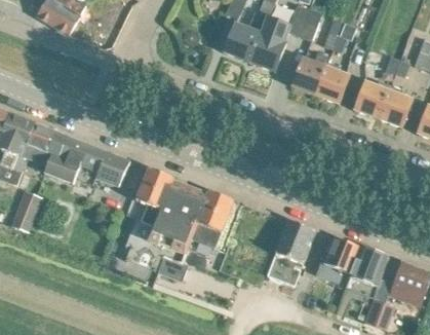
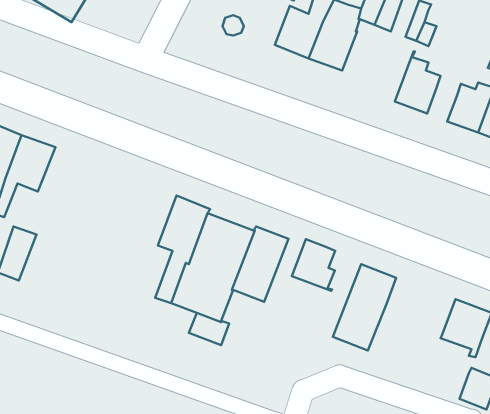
building: [290,51,328,95] -> none
building: [42,129,129,186] -> none
building: none -> [292,239,335,291]
building: [323,236,360,283] -> none

